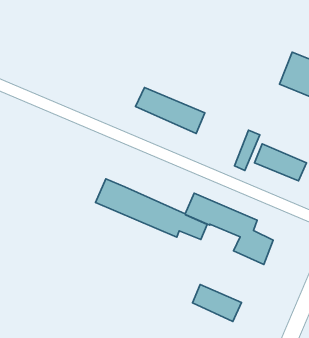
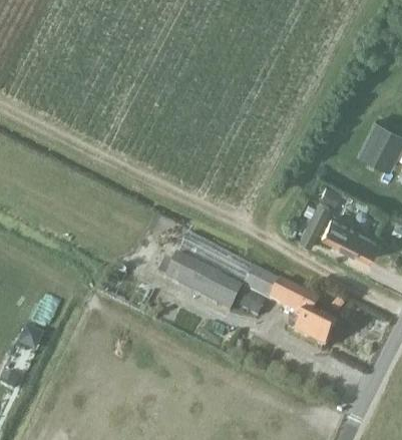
building: [136,88,205,134] -> [181,236,257,290]
building: [192,285,241,321] -> none

